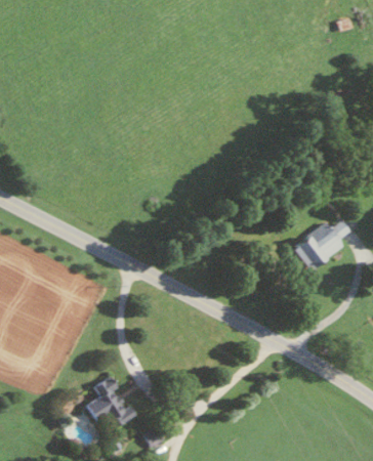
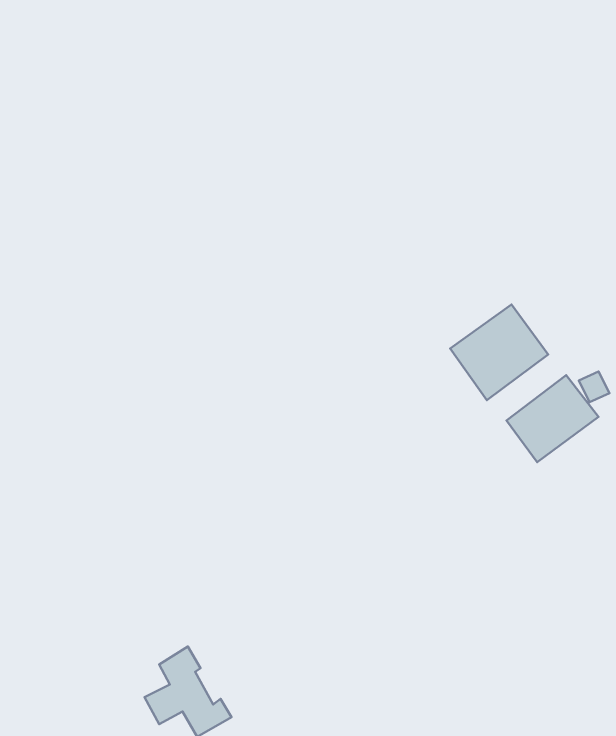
building: none -> [450,305,548,400]

